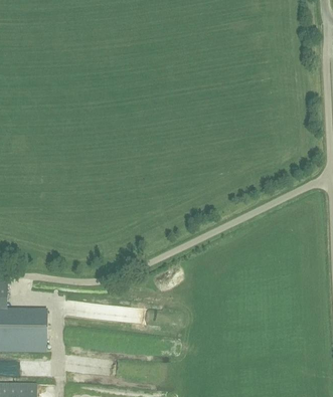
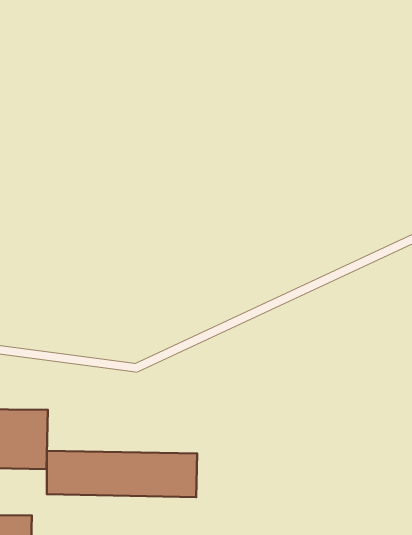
building: none -> [47,451,197,497]

